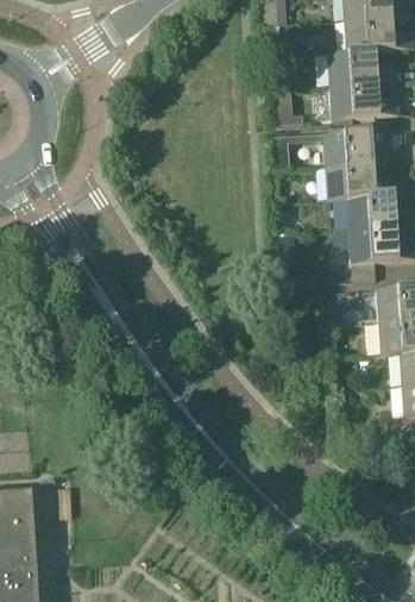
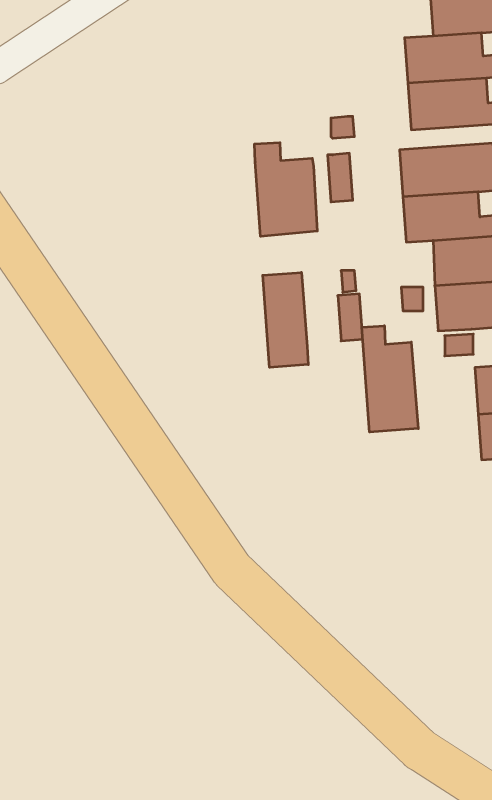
building: none -> [255,143,317,236]
building: none -> [263,272,308,367]
building: none -> [362,326,418,432]

